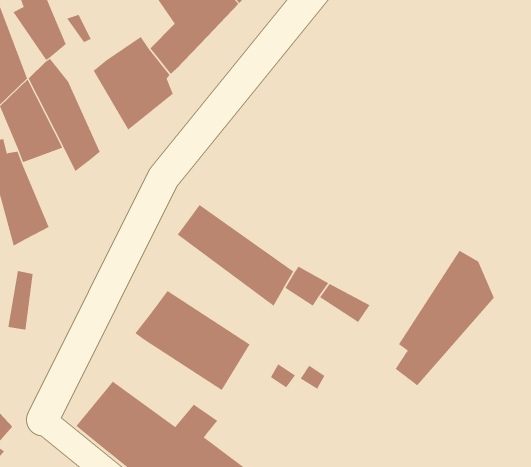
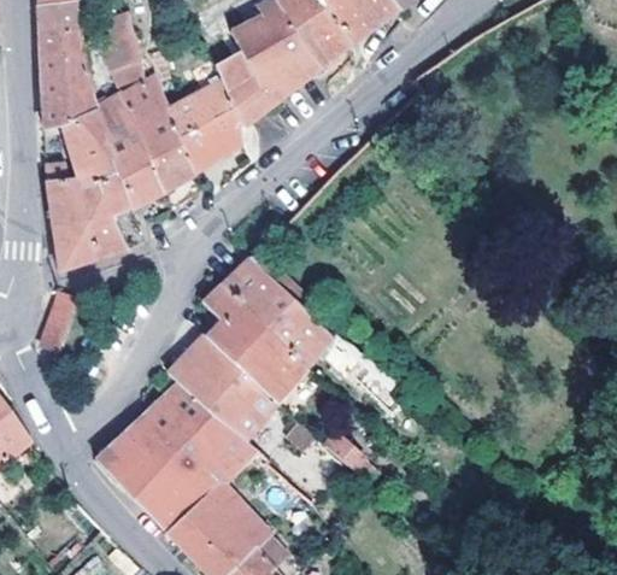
building: none -> [125,74,190,189]
building: none -> [82,180,133,256]
building: none -> [205,282,307,401]
building: [395,250,495,386] -> none
building: none -> [137,381,257,471]

